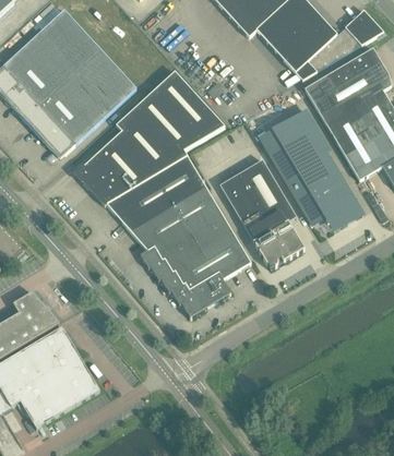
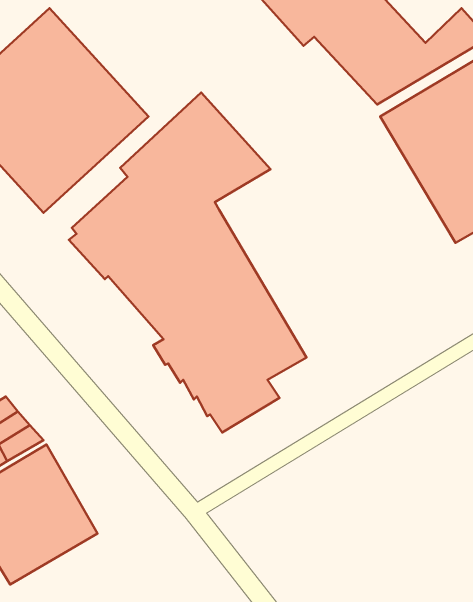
building: [260,110,358,226] -> none
building: [219,159,305,268] -> none

